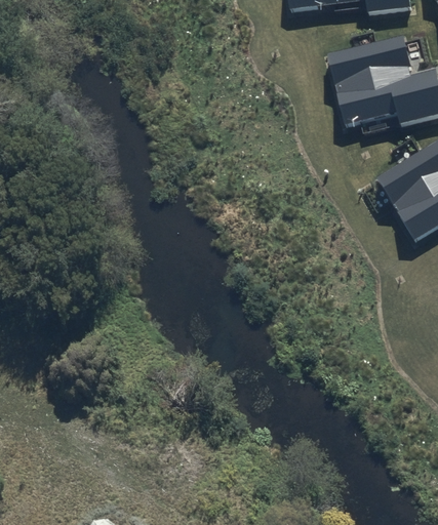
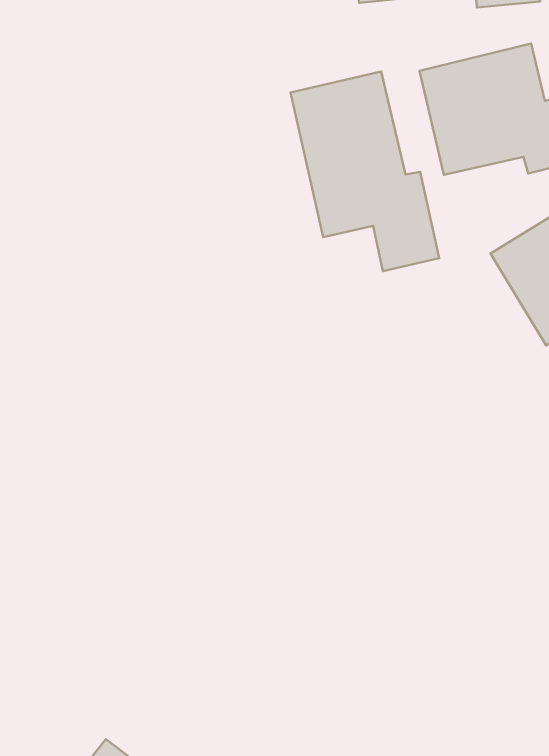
building: none -> [290,71,439,271]

